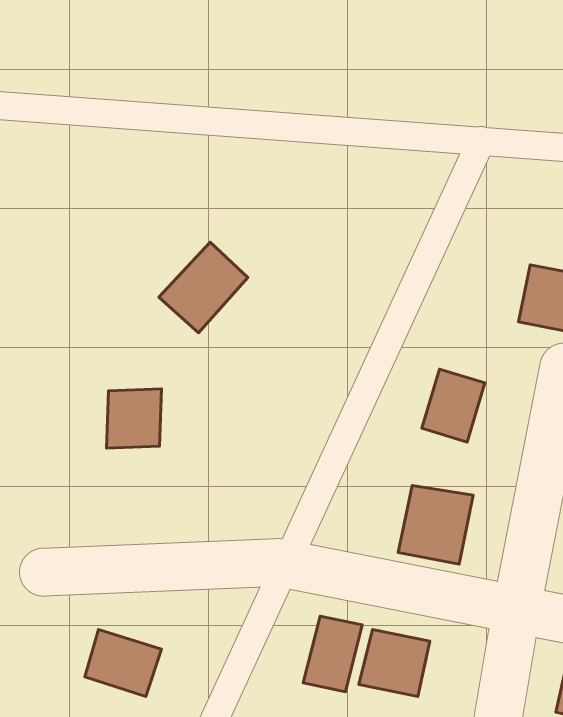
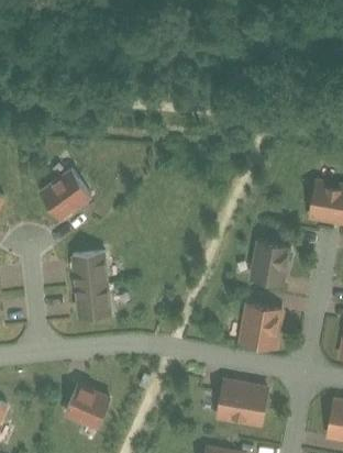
building: [159,242,248,333] -> [36,175,86,225]
building: none -> [77,284,107,316]
building: [303,616,362,692] -> none

